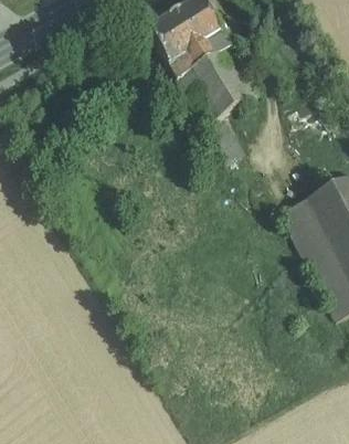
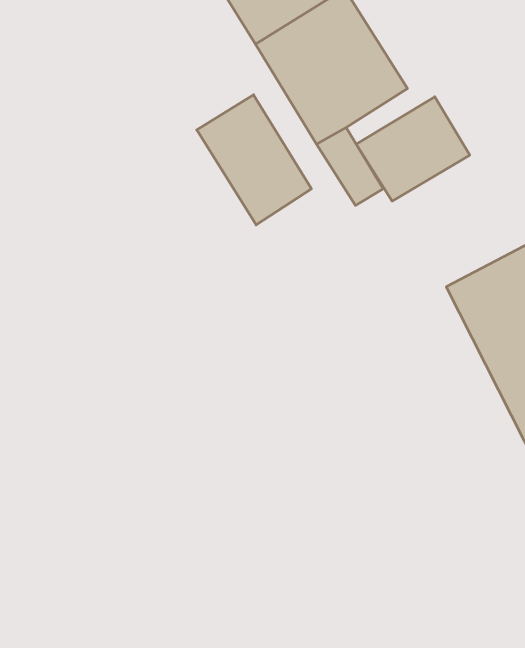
building: none -> [197,95,311,225]
building: none -> [356,97,470,201]

